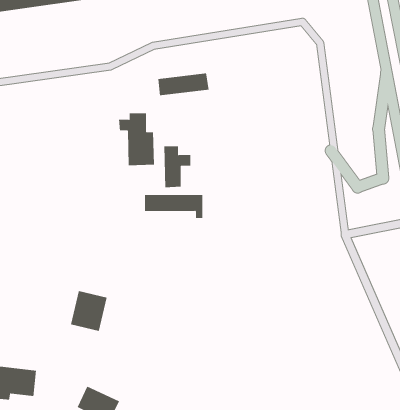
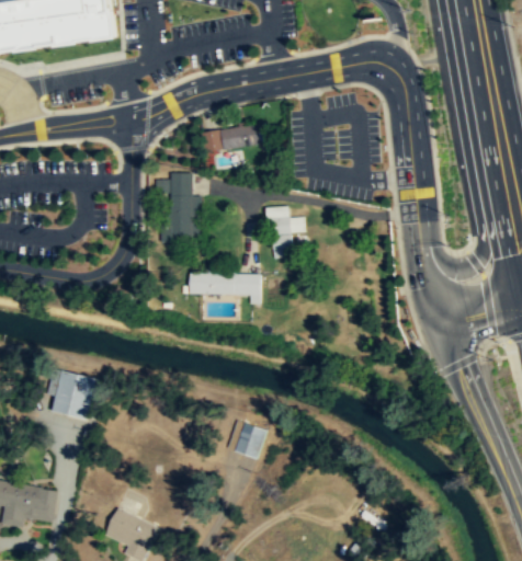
building: [164,146,191,188] -> [270,207,304,259]
building: [70,290,108,332] -> [49,370,95,421]
building: none -> [234,423,269,460]

